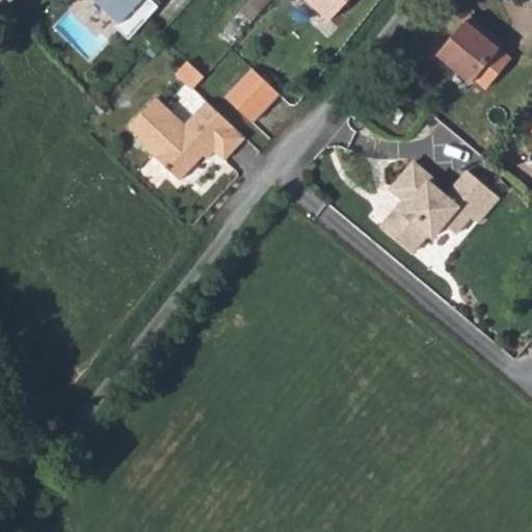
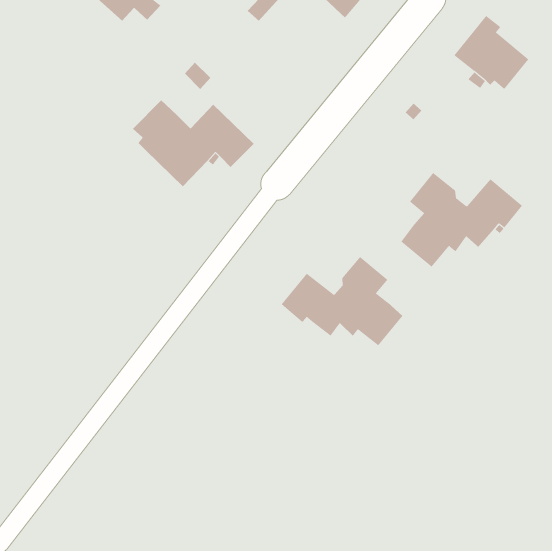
building: [222,68,280,124] -> none
building: none -> [281,256,403,346]

